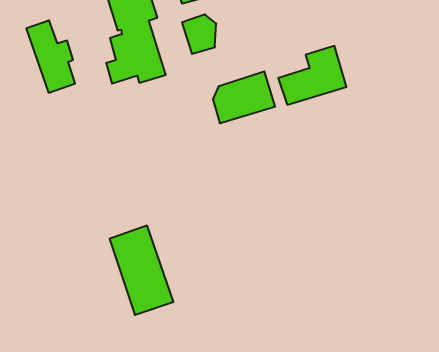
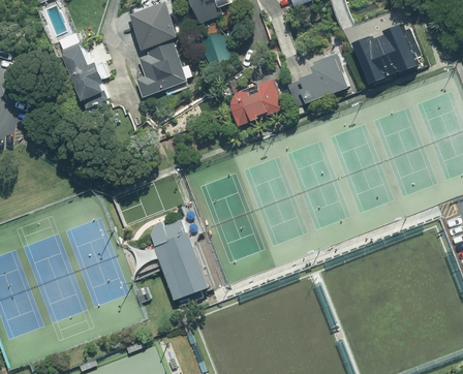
building: none -> [351,25,420,82]

